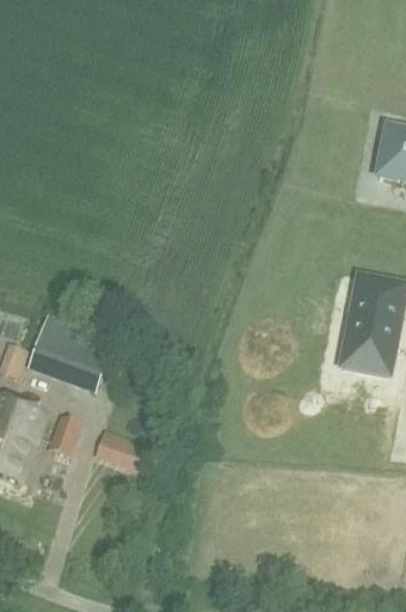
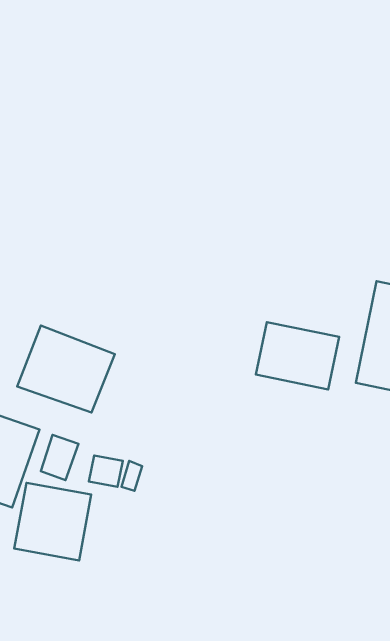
building: none -> [256,322,339,389]
building: none -> [14,483,91,560]

